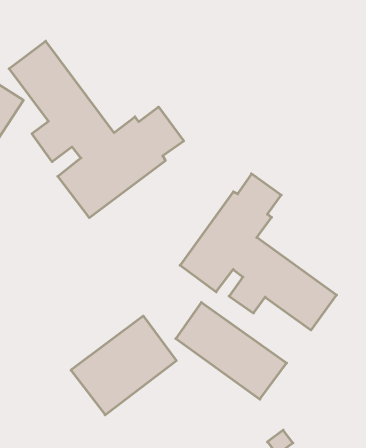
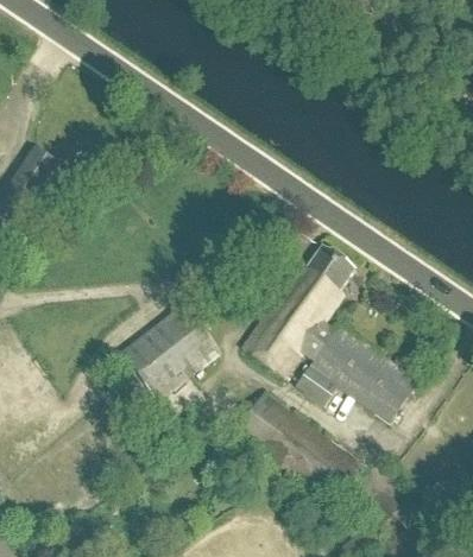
building: [9,41,184,218] -> none
building: [71,316,176,415] -> [105,300,222,411]

